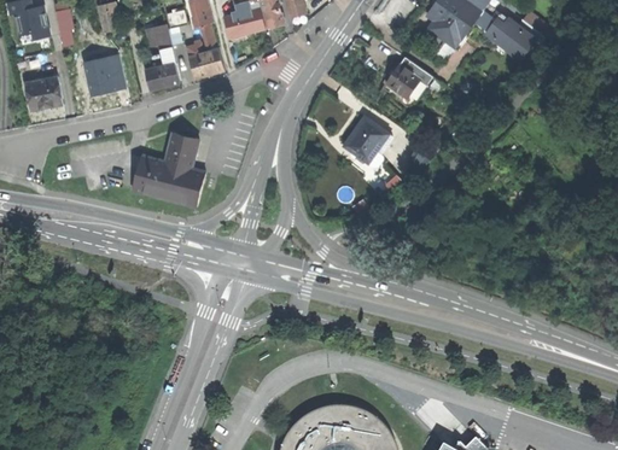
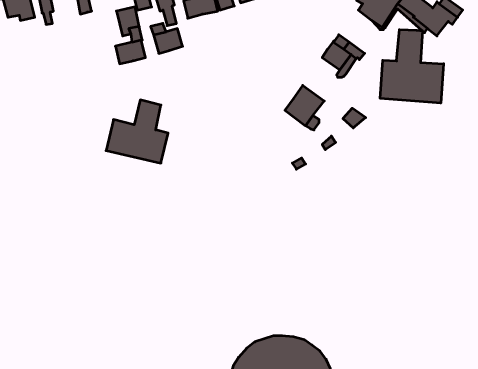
building: [86,46,115,105] -> none
building: none -> [380,30,444,103]
building: [25,77,63,110] -> none

